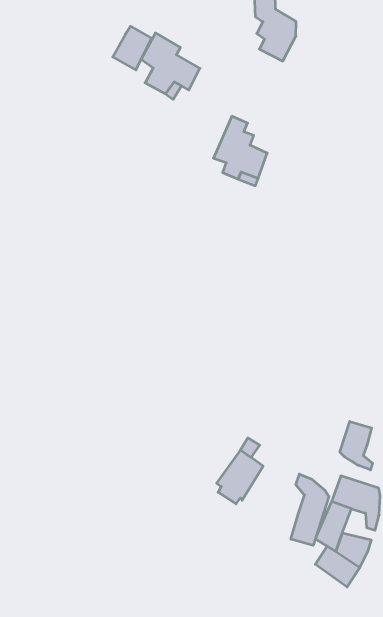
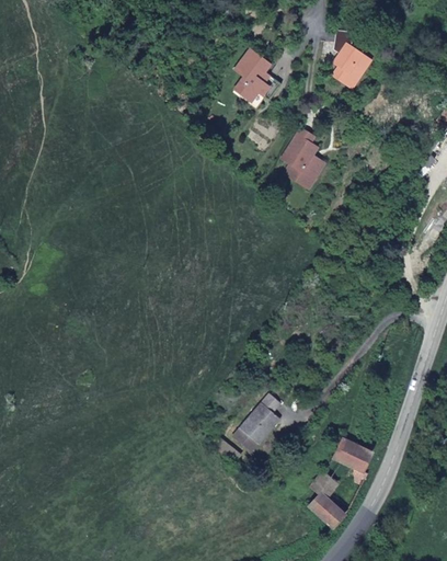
building: [113,26,152,70] -> none
building: [340,421,373,470] -> none
building: [291,474,329,545] -> none

